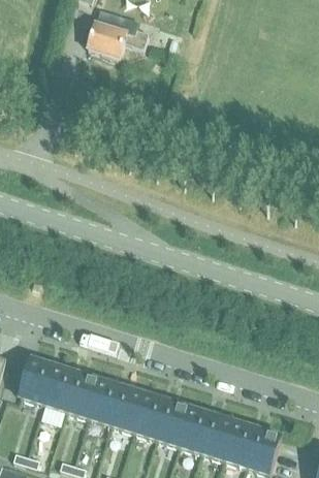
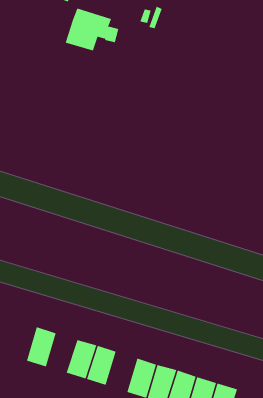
building: [20,359,55,405] -> none
building: [66,374,100,418] -> none
building: [133,394,167,440] -> none

